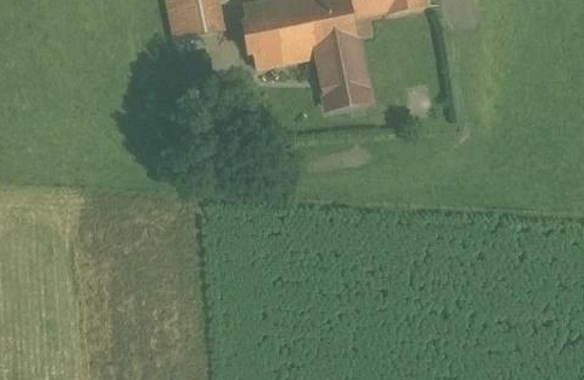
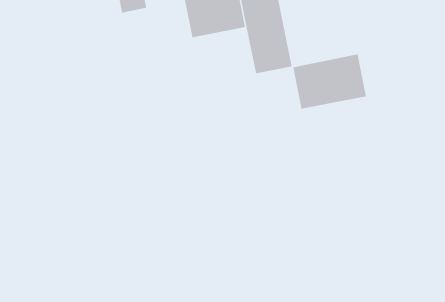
building: none -> [293,54,367,109]

